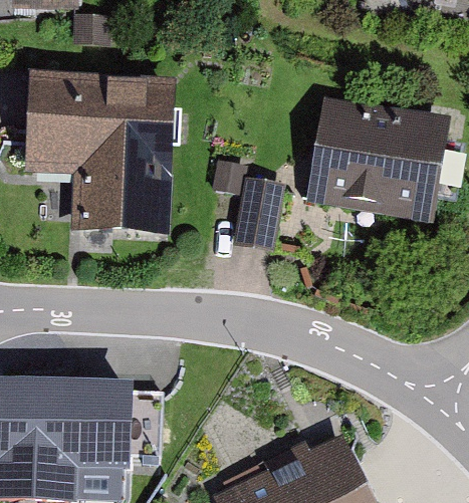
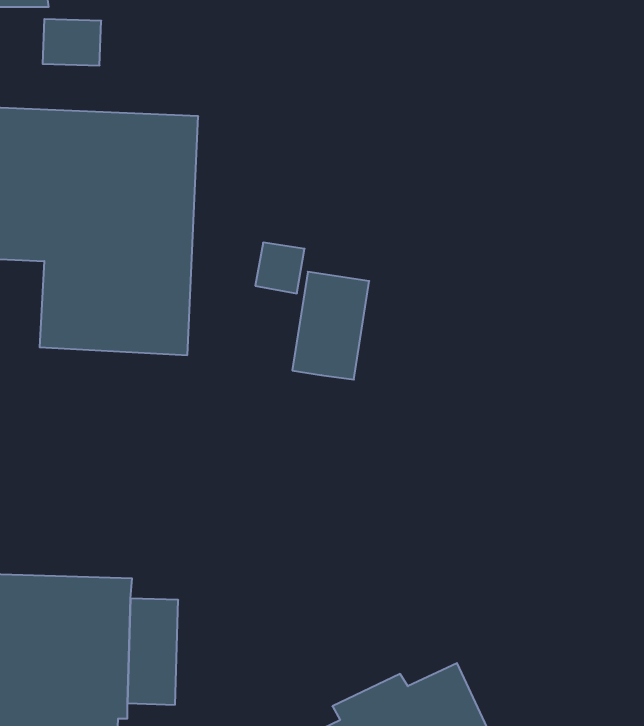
building: [304,97,445,221] -> none

